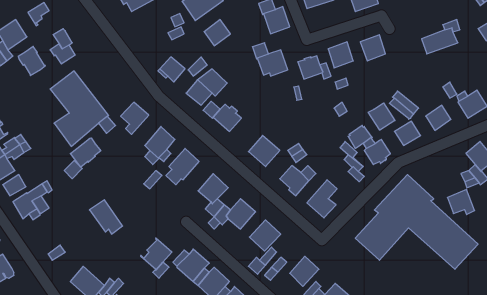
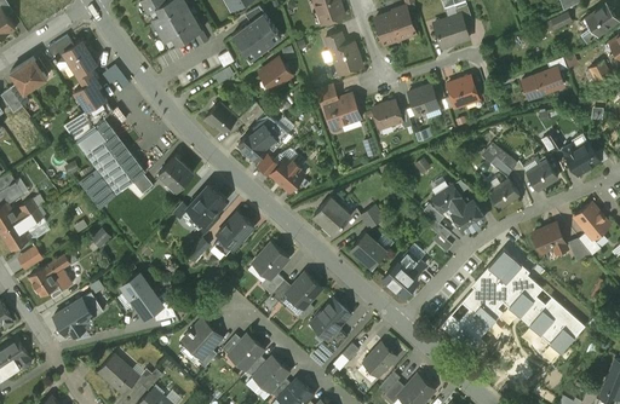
building: [18,46,45,76] -> [63,41,96,76]
building: [368,103,395,130] -> none
building: [70,138,101,167] -> none
building: [447,189,475,215] -> [533,224,566,254]
building: none -> [53,293,103,335]

